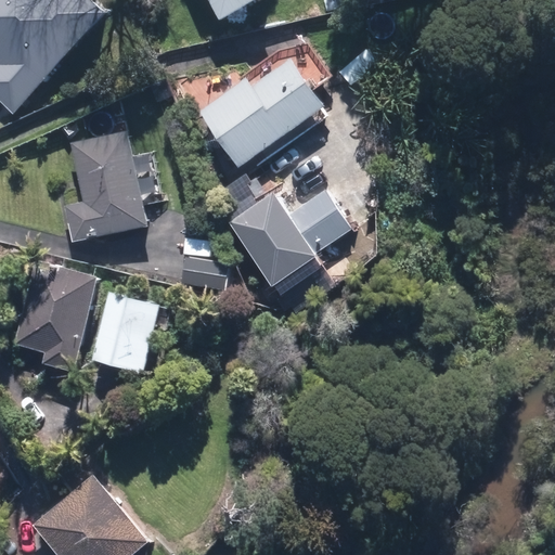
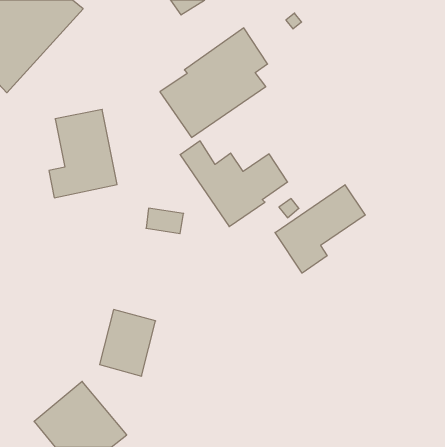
building: none -> [275,185,365,273]
building: [10,259,95,371] -> none
building: [92,293,162,375] -> [100,310,156,376]

